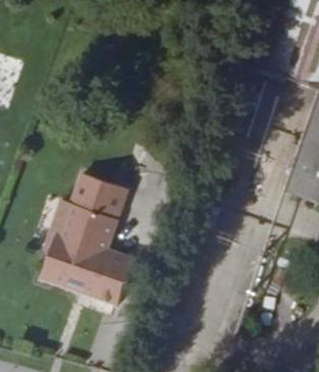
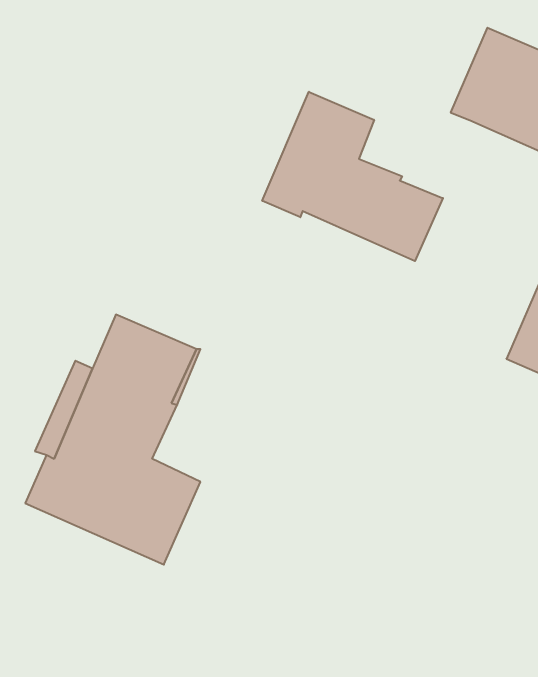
building: none -> [262,92,443,261]

